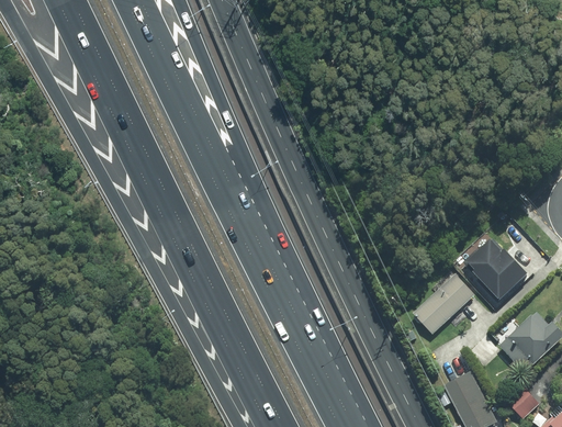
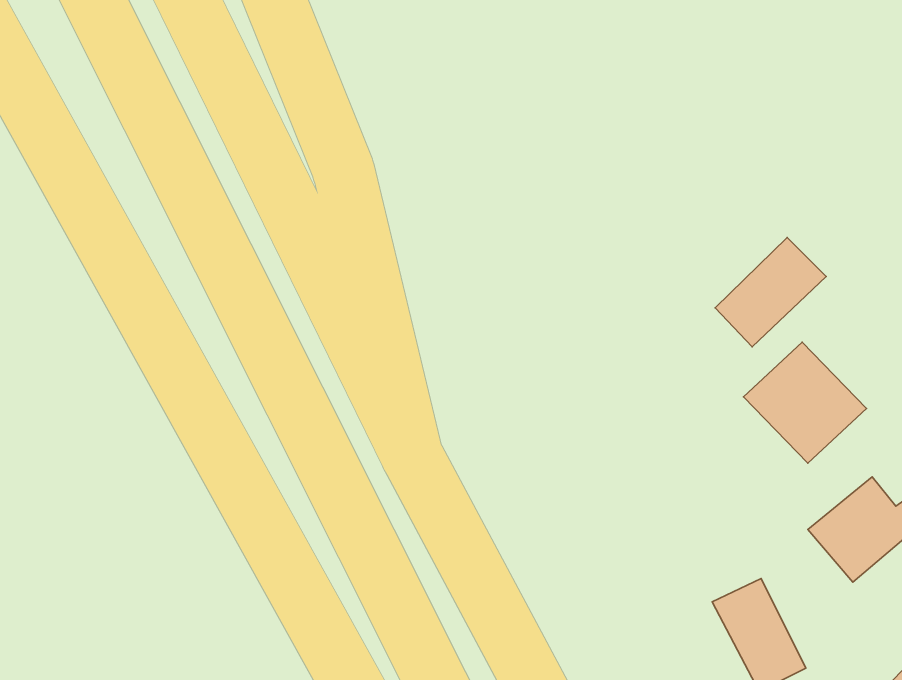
building: [413,273,475,335] -> [715,238,826,347]
building: [508,389,538,418] -> none

